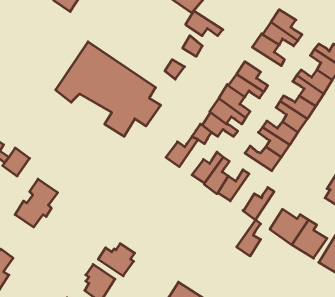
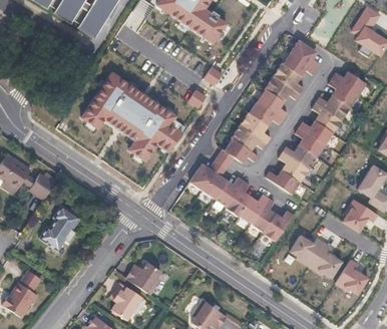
building: [186,11,223,36] -> [264,75,300,99]
building: none -> [202,164,226,199]
building: [237,220,261,256] -> [251,198,274,233]

